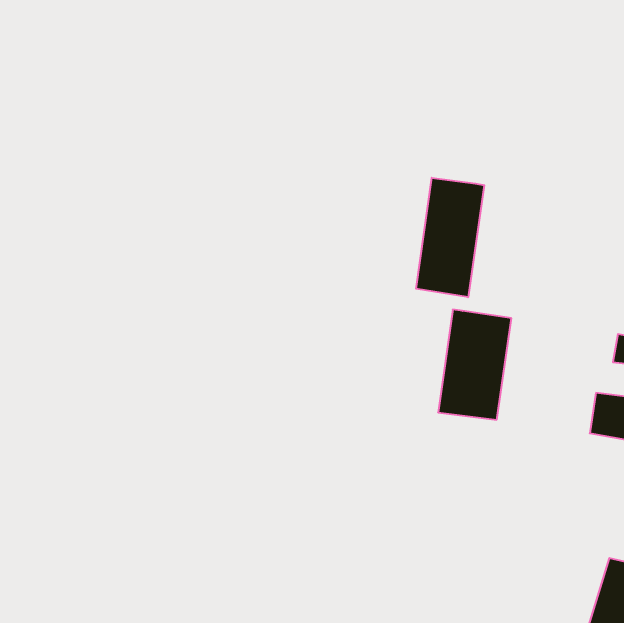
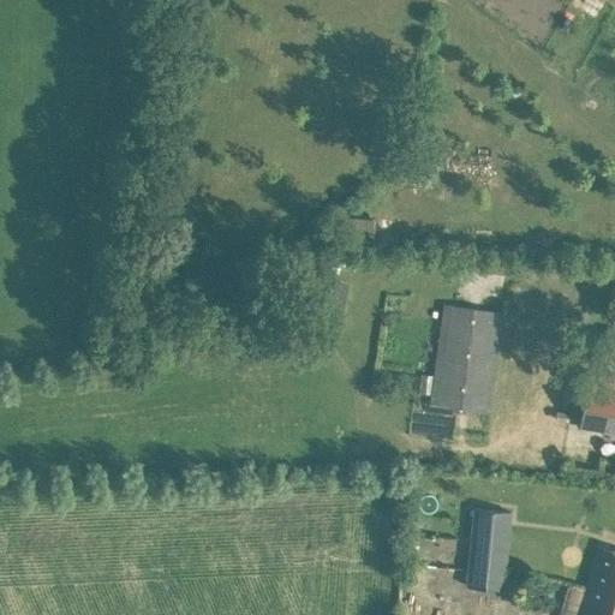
building: [416,178,484,297] -> none
building: none -> [468,510,510,591]

